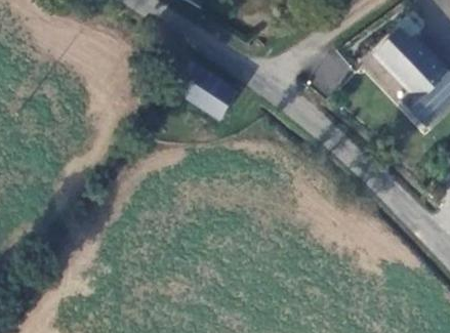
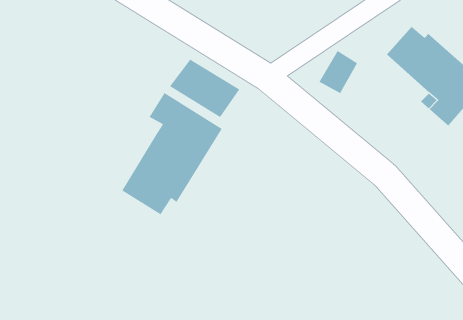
building: none -> [121,92,223,215]

